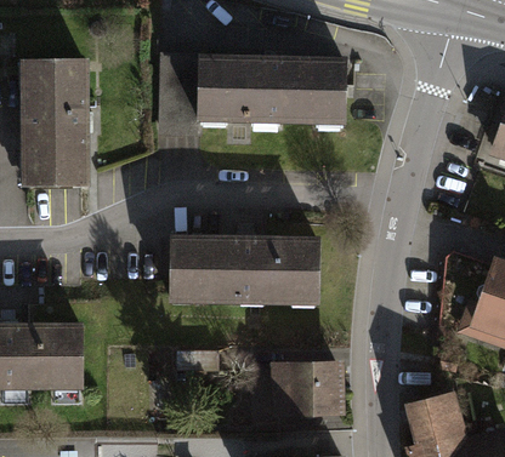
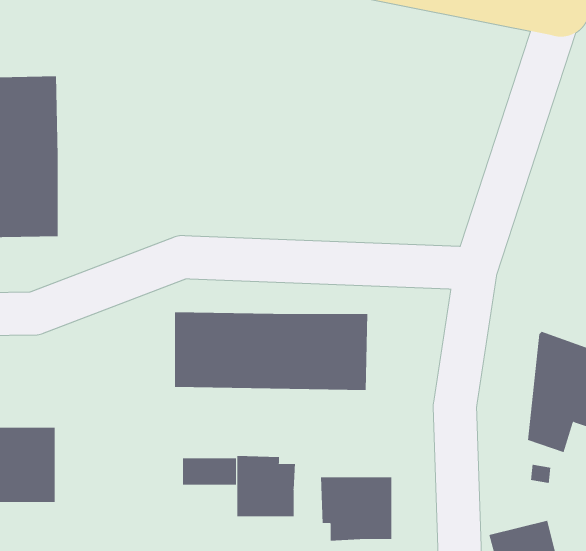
building: [163,59,346,131] -> none
building: none -> [237,455,296,517]

